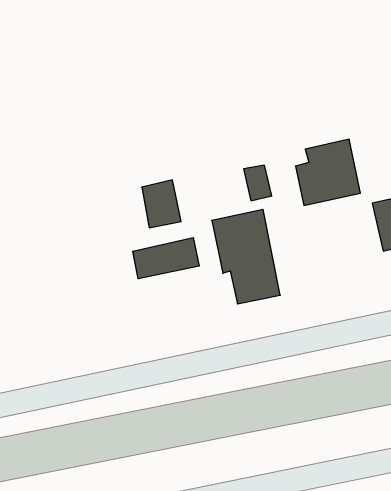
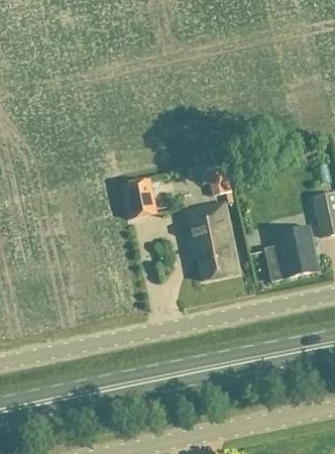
building: [295,139,360,205] -> [264,225,318,279]
building: [133,238,199,279] -> none

